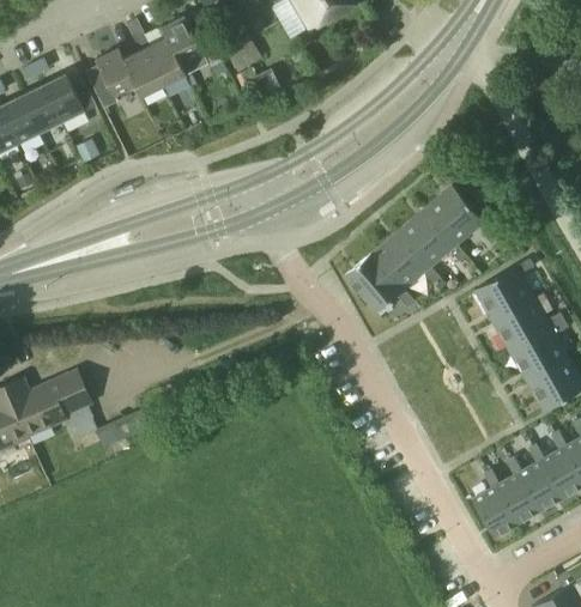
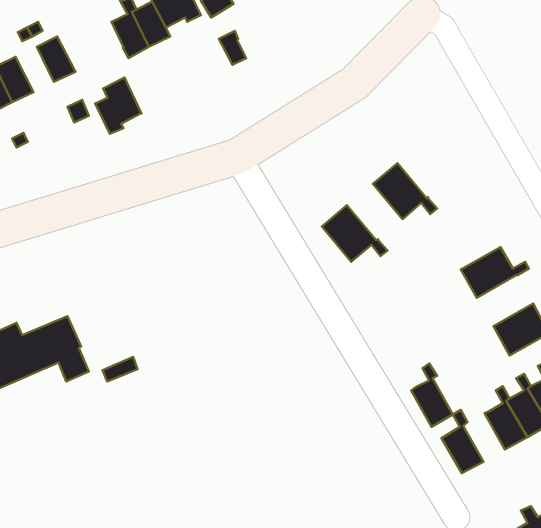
building: [86,48,135,108] -> [95,77,142,134]
building: [20,85,61,133] -> none
building: [425,186,496,245] -> none
building: [371,230,441,290] -> none
building: [474,259,534,321] -> none
building: [509,320,569,381] -> none
building: [495,457,539,524] -> [411,364,453,427]

